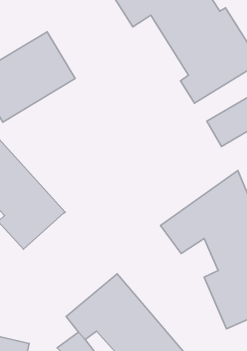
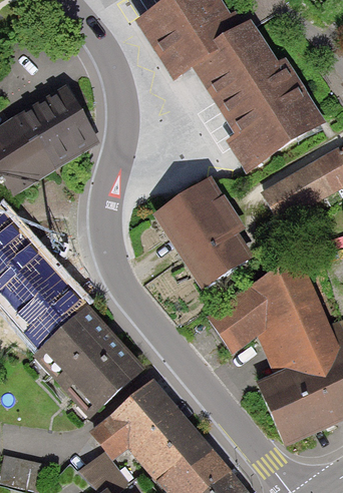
building: none -> [151,175,252,291]
building: none -> [32,306,145,420]

